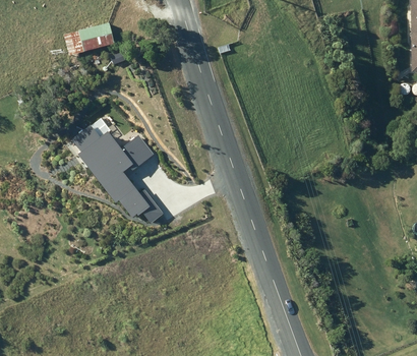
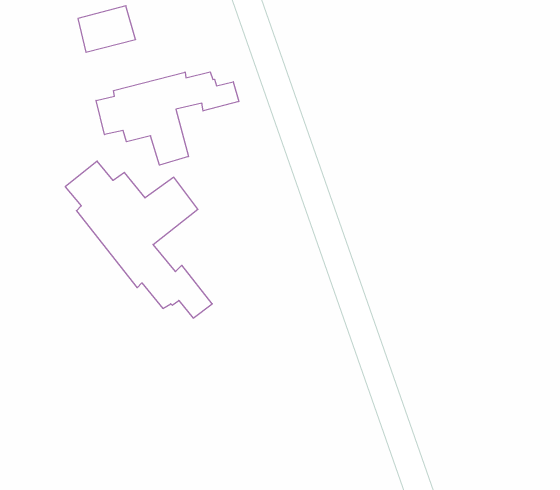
building: none -> [96,72,239,165]

